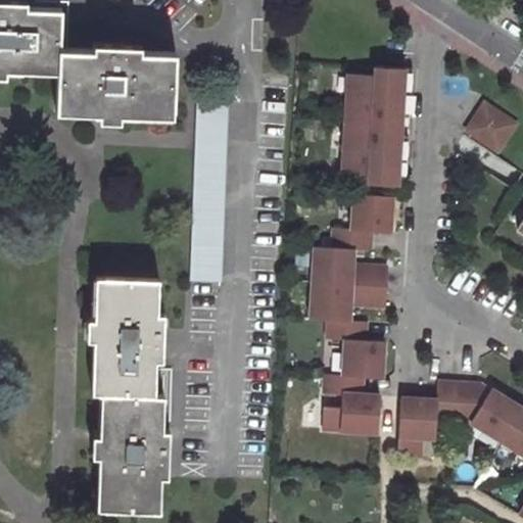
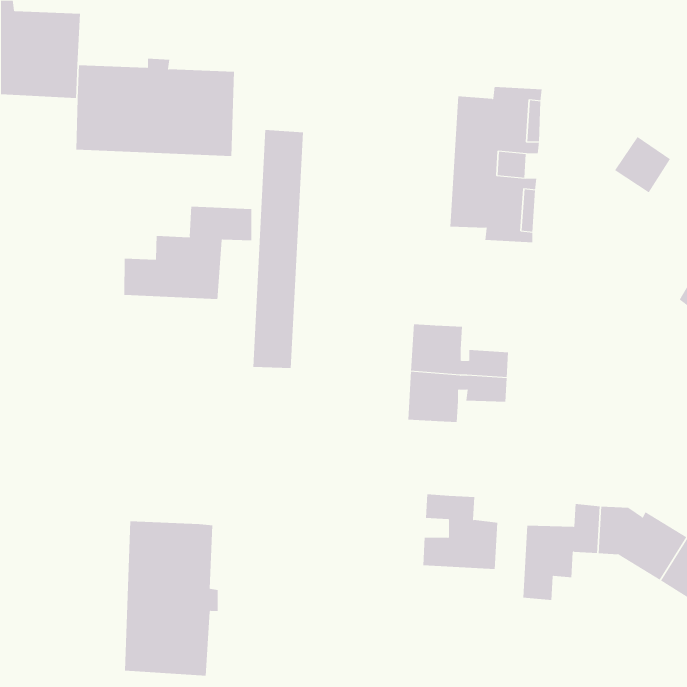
building: none -> [124,206,252,300]
building: [332,195,391,250] -> none
building: [91,281,162,398] -> none
building: [327,321,383,379] -> none

